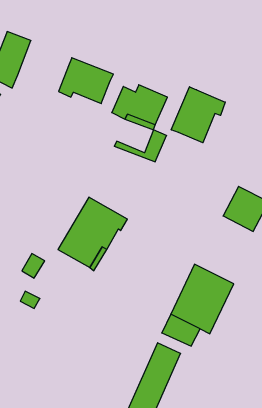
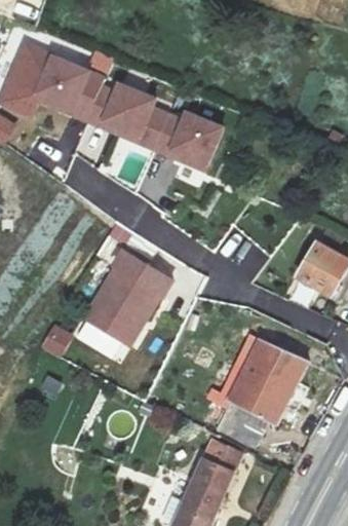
building: none -> [36,57,101,120]
building: [171,87,225,143] -> none
building: [114,130,167,162] -> [103,107,168,147]

